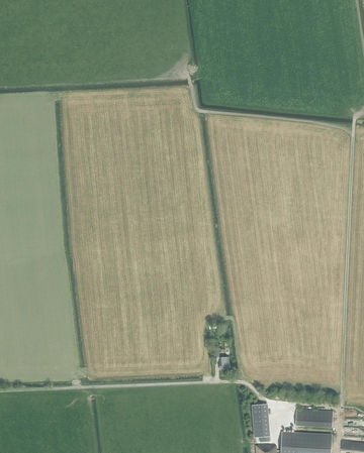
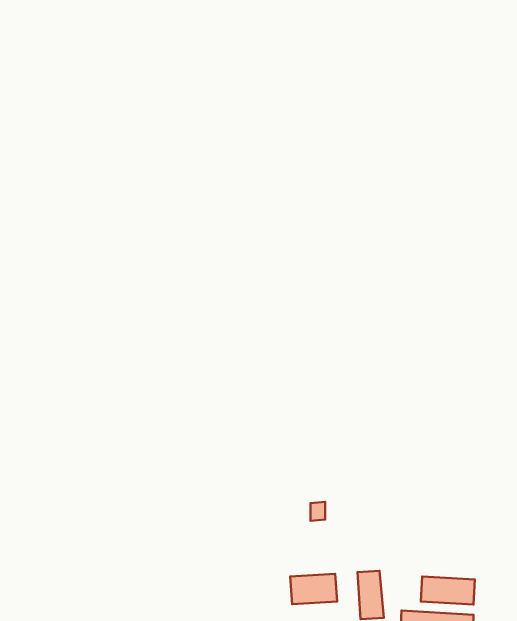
building: none -> [290,574,337,604]

